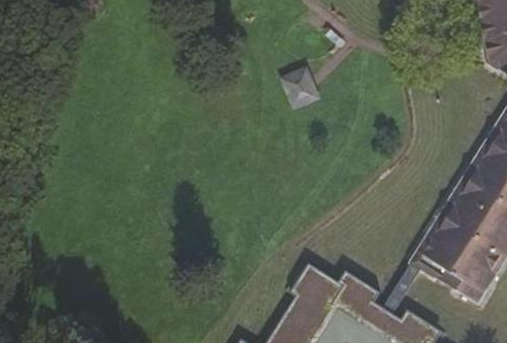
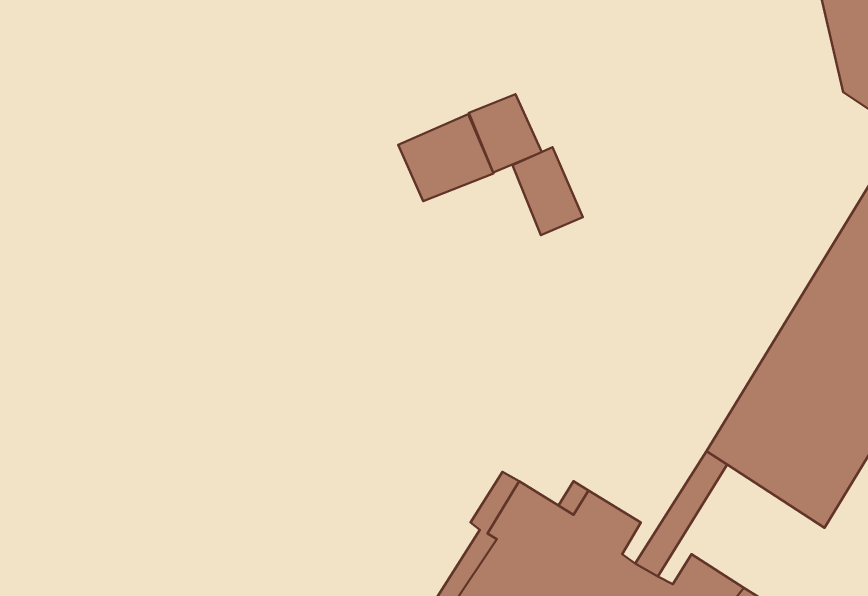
building: none -> [398,114,493,201]
building: none -> [513,147,583,235]

